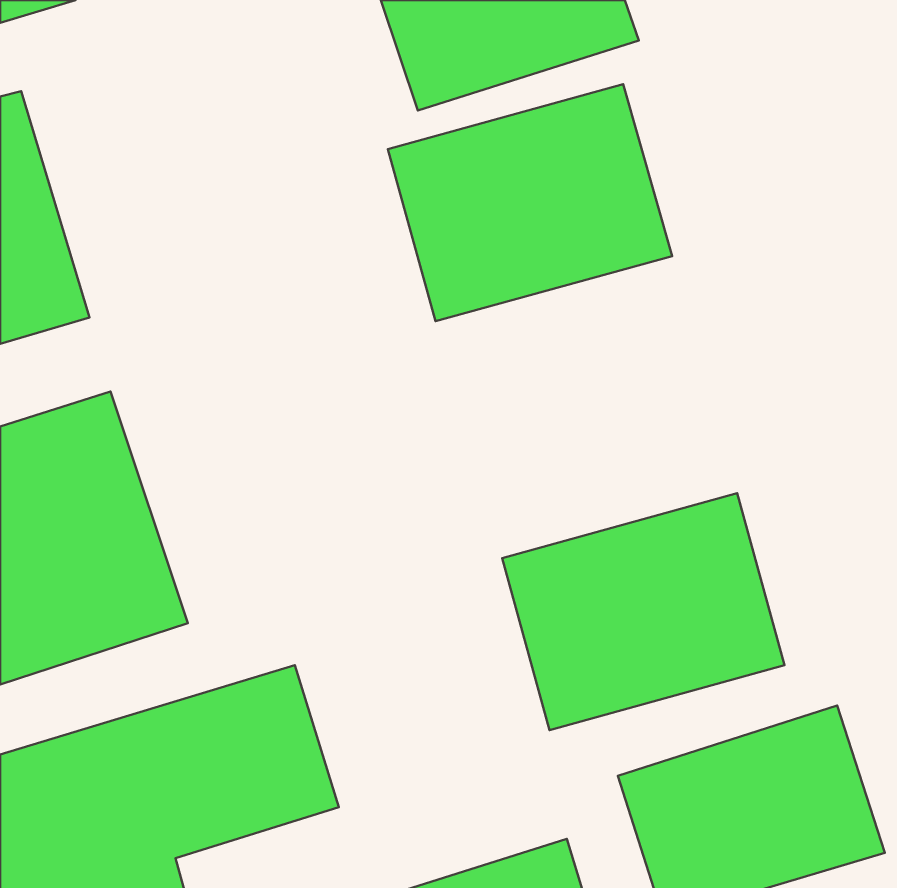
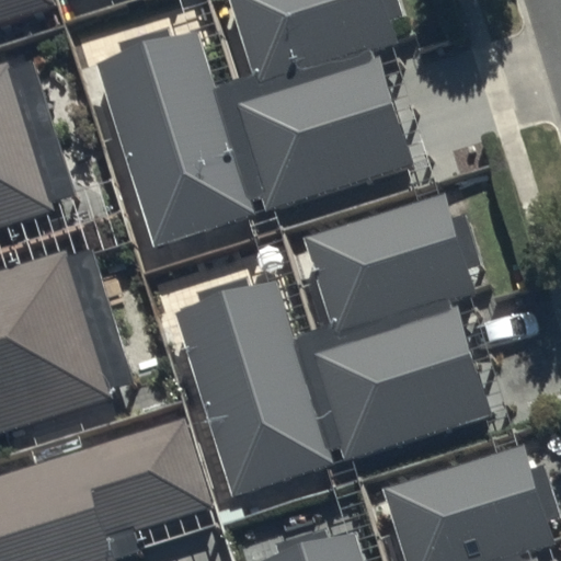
building: none -> [100,23,260,241]
building: none -> [302,195,470,330]
building: none -> [171,278,331,496]

